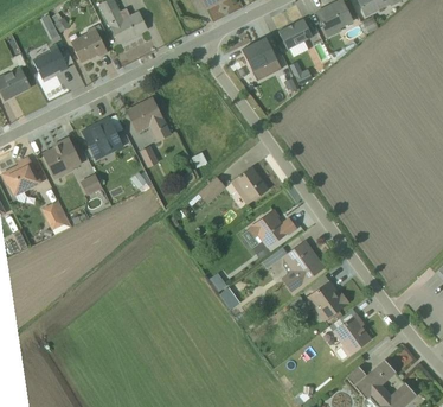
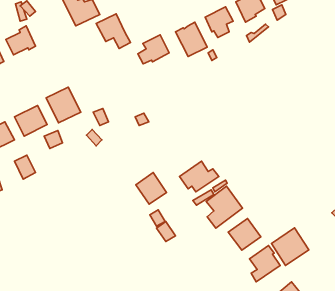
building: [71,28,108,62] -> none
building: none -> [138,35,169,64]
building: [127,97,169,140] -> [96,14,131,48]
building: [230,165,268,204] -> [136,172,167,204]
building: none -> [271,228,309,266]

